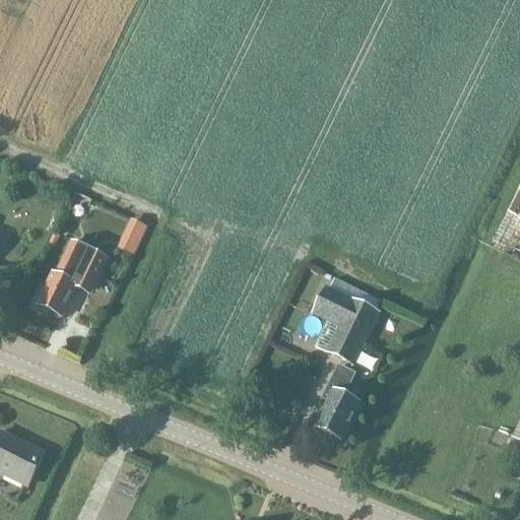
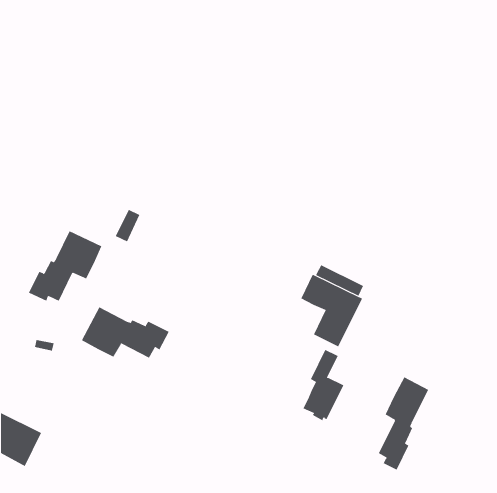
building: none -> [81,307,170,359]
building: none -> [378,376,429,471]

